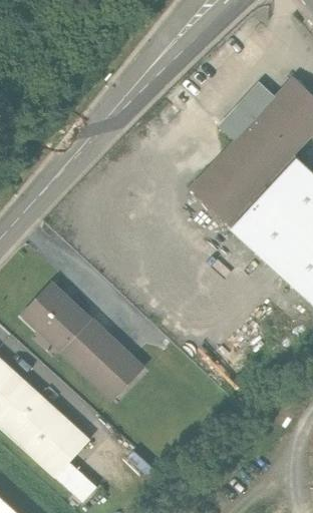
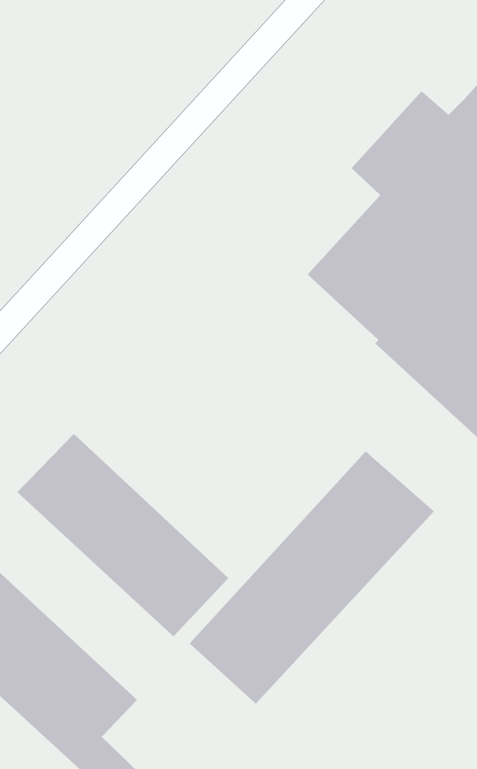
building: none -> [189,451,435,704]

